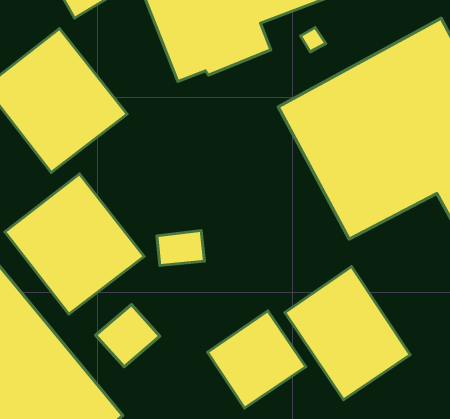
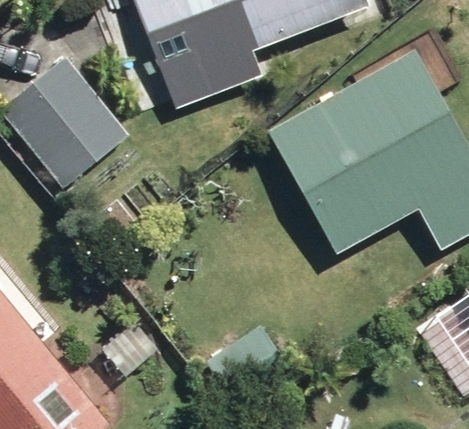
building: [5,174,144,314] -> none
building: [285,267,410,400] -> none

